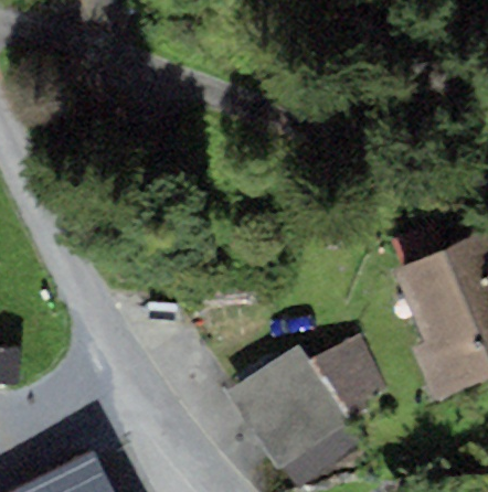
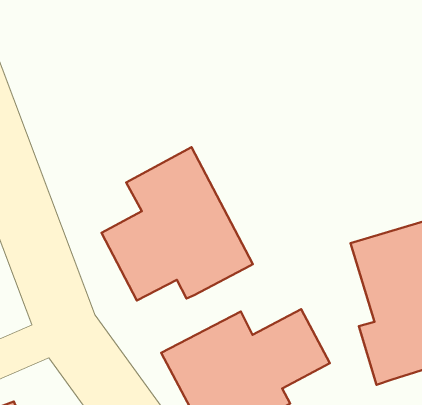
building: none -> [101,147,253,300]

